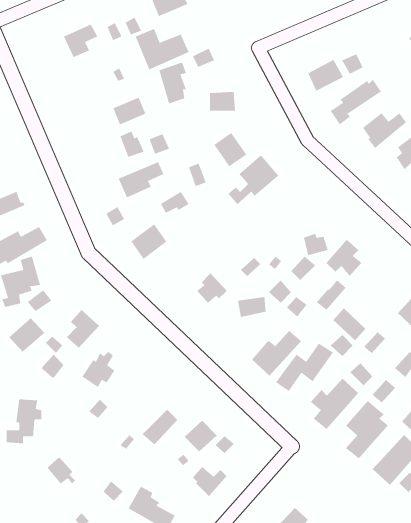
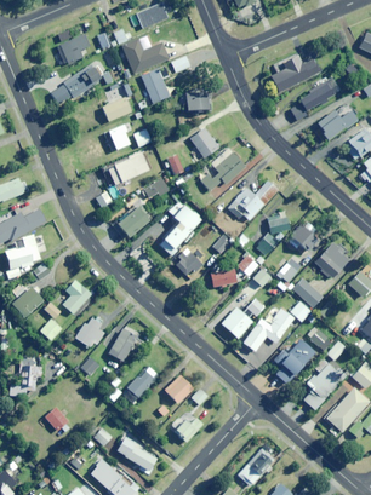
building: none -> [50,65,101,105]
building: none -> [227,180,278,220]
building: none -> [156,201,199,254]
building: none -> [313,243,349,278]
building: none -> [108,326,139,361]

